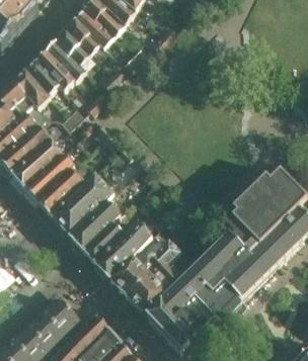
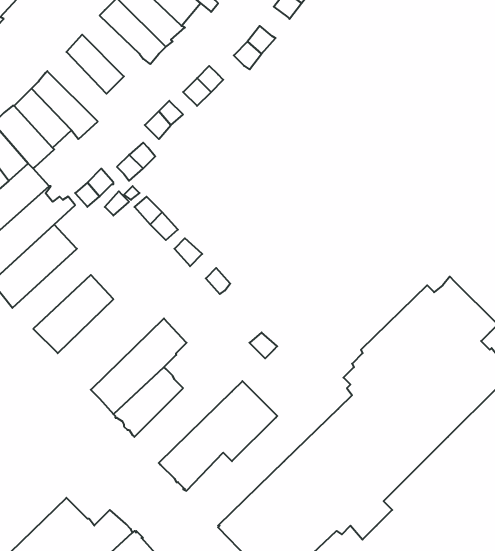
building: [65,16,100,53] -> none
building: [45,37,86,79] -> none
building: [24,152,74,198] -> none
building: [51,171,113,234] -> none
building: [95,219,152,276] -> none
building: [126,250,182,312] -> none

